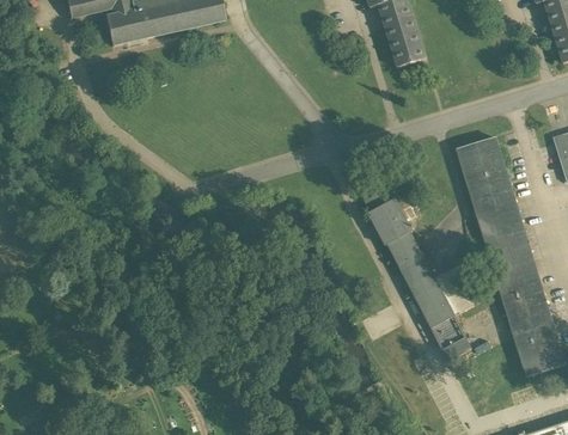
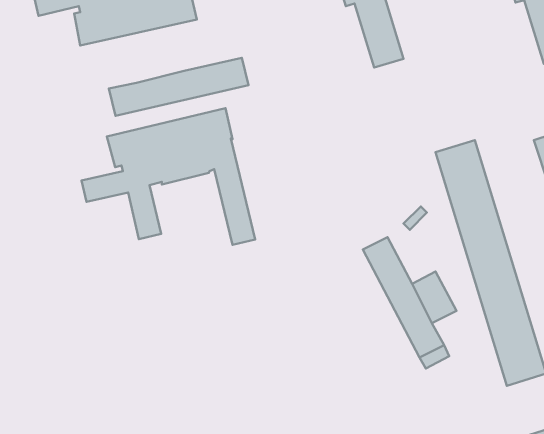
building: none -> [109,58,249,116]
building: none -> [81,108,255,245]
building: [361,188,415,245] -> none

